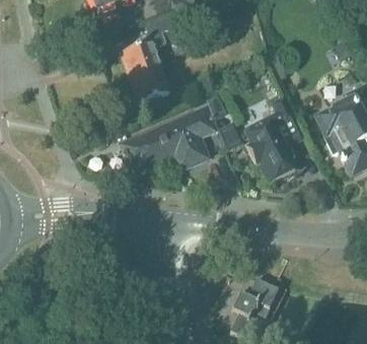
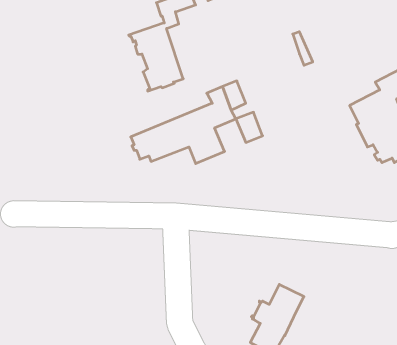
building: [242,95,300,182] -> none

